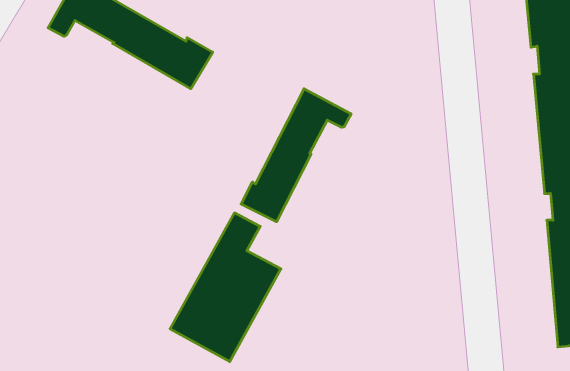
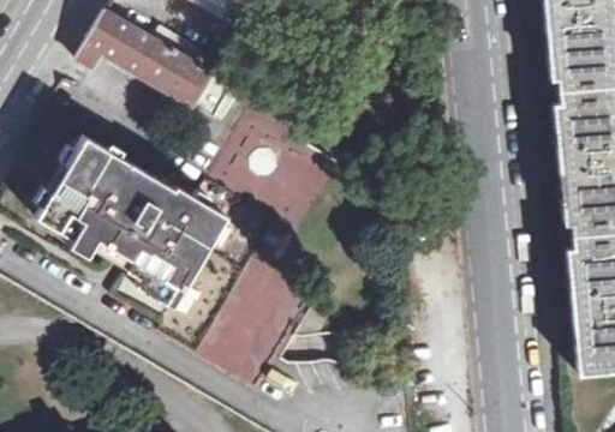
building: [241,89,351,222] -> none
building: none -> [38,137,221,296]

